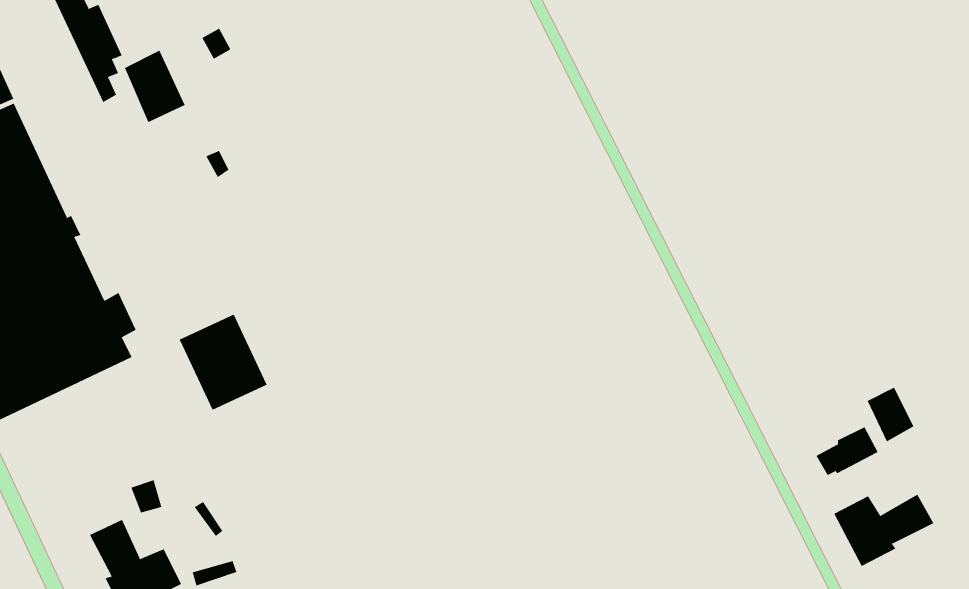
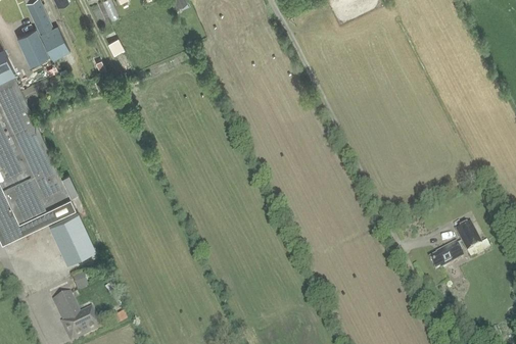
building: [124,50,185,123] -> [17,30,49,67]
building: [179,314,268,411] -> [49,215,95,265]
building: [833,494,934,567] -> none

